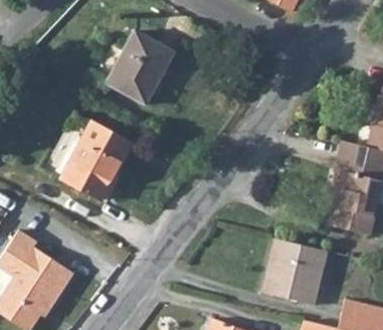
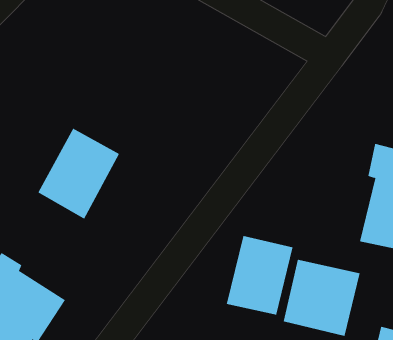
building: [109,29,175,102] -> none
building: none -> [226,235,293,315]

